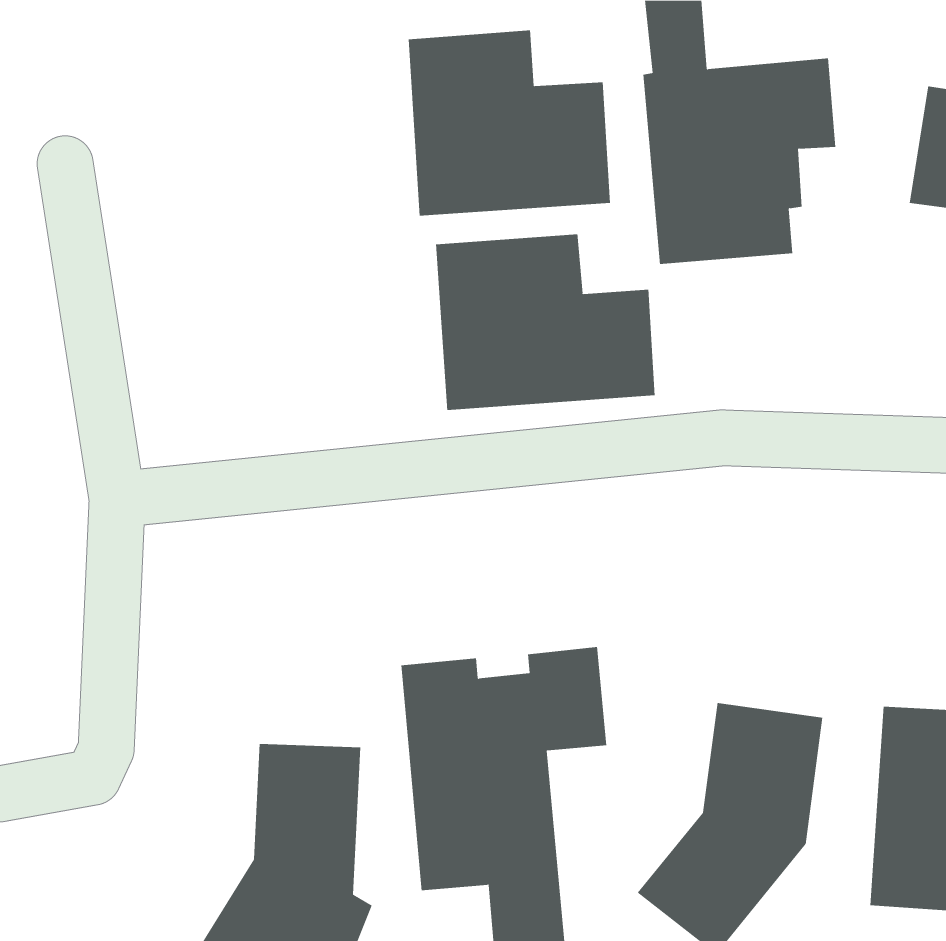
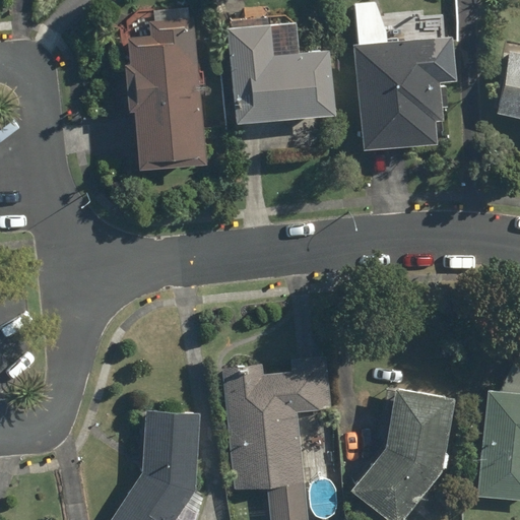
building: none -> [123,13,202,169]
building: [435,234,655,411] -> none

